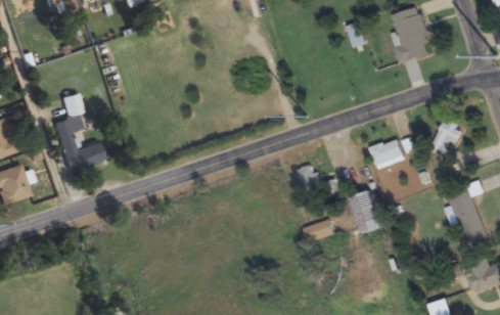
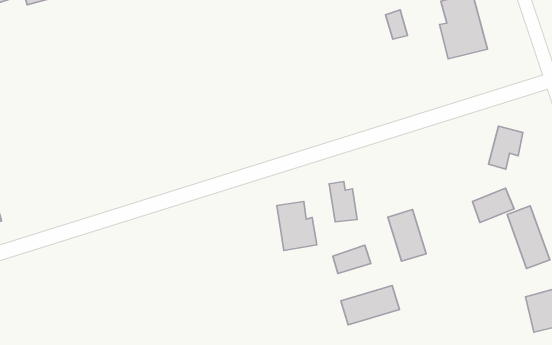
building: [52,93,102,172] -> none
building: [371,136,406,165] -> [472,188,514,222]
building: none -> [277,201,317,250]
building: none -> [341,286,400,325]

